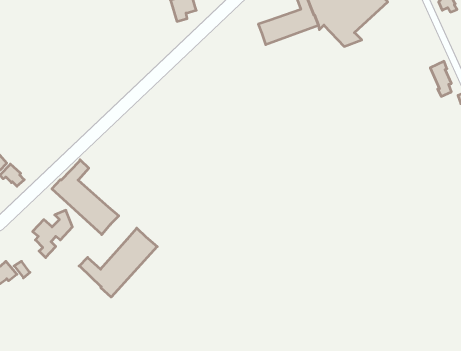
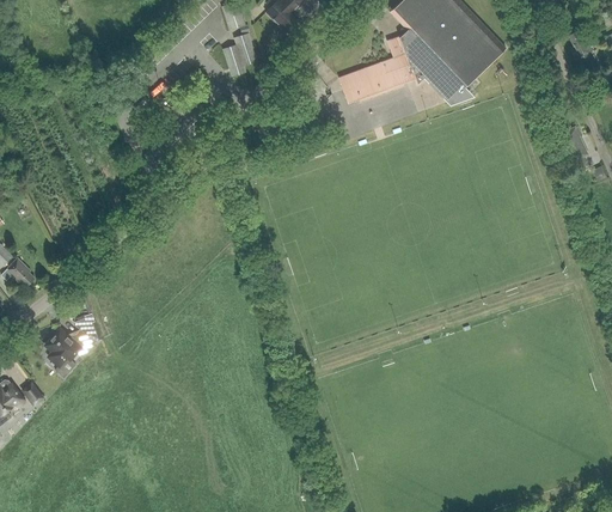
building: [52,160,119,235] -> none
building: [79,228,157,297] -> none

